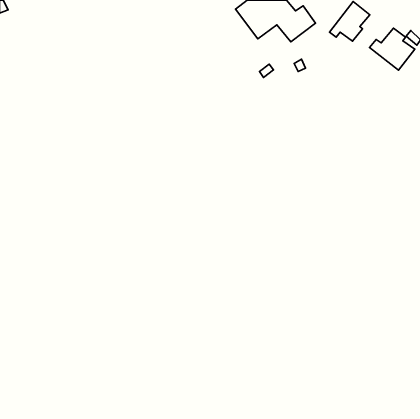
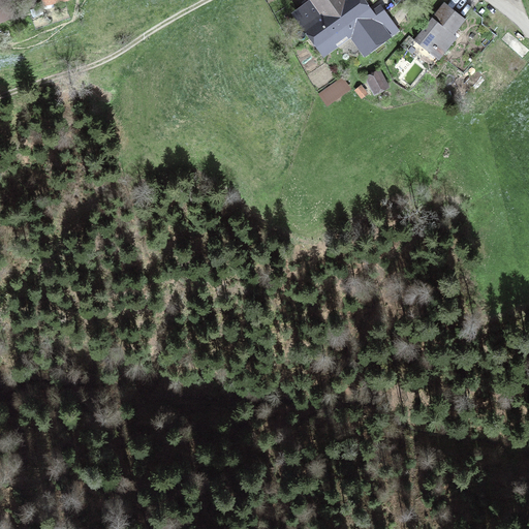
building: [370,28,415,70] -> none

